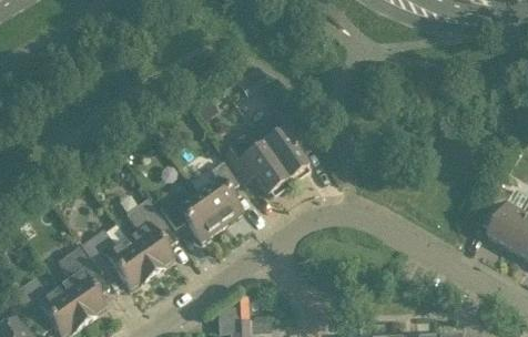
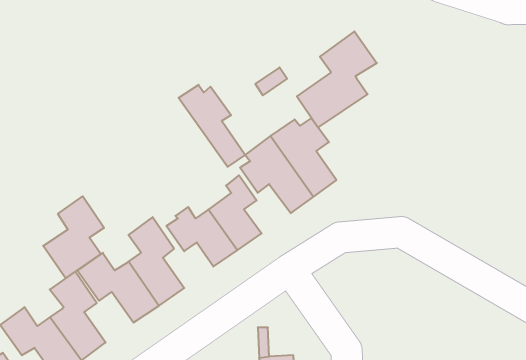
building: none -> [297,31,377,127]
building: none -> [179,85,245,167]
building: none -> [43,196,104,278]

